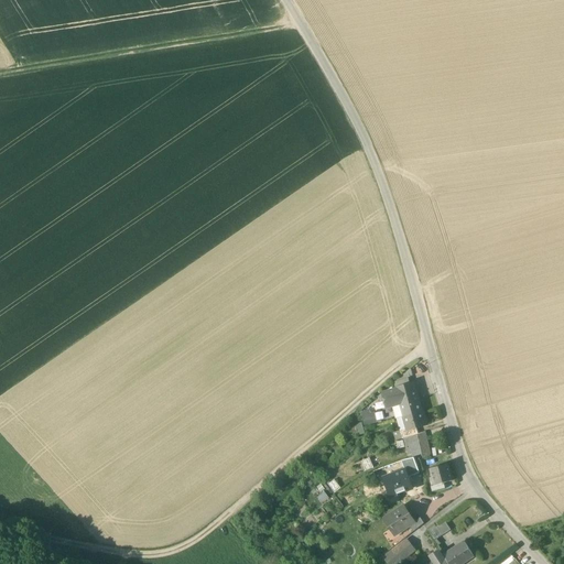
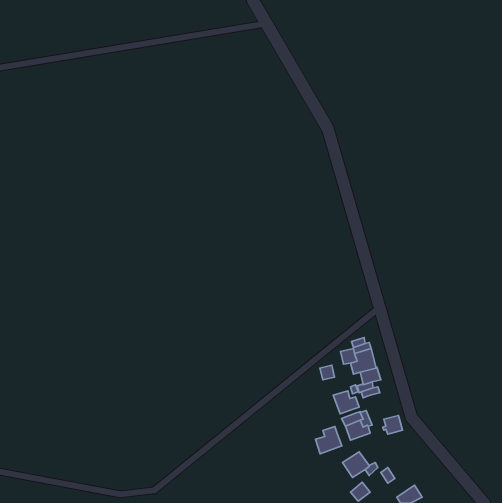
building: none -> [333,391,359,414]
building: none -> [316,426,342,454]

